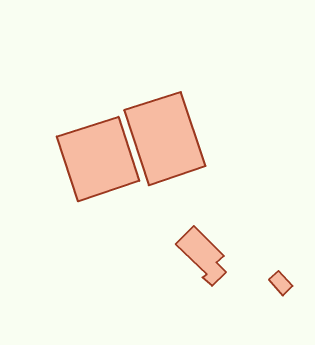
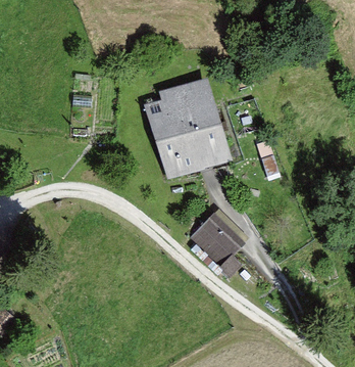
building: [57,117,139,201] -> none

